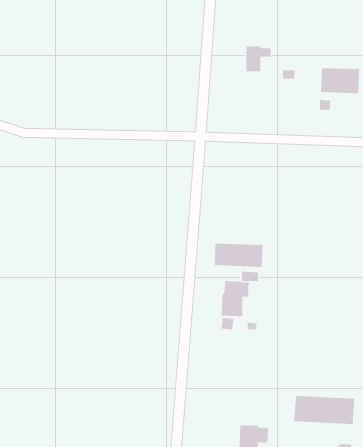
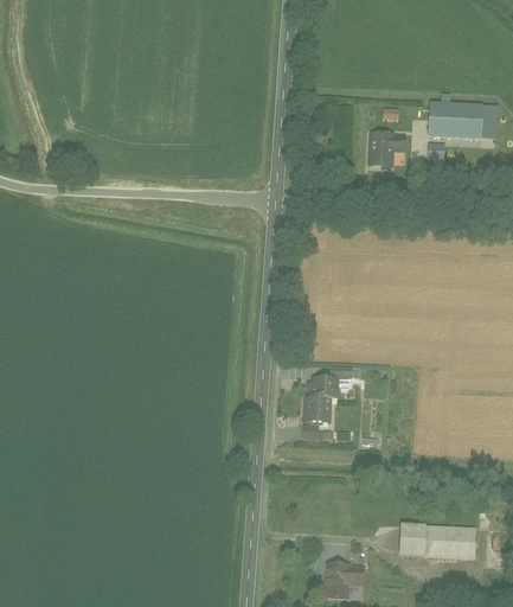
building: [245,46,271,72] -> [371,132,404,165]
building: [214,243,263,268] -> none

